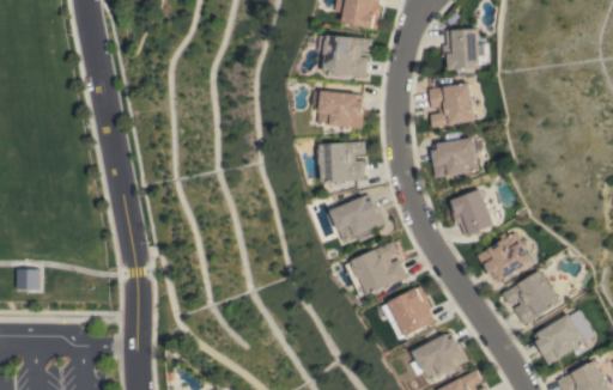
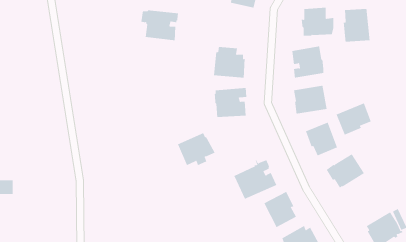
building: none -> [343,8,370,43]
building: [317,35,371,78] -> [140,10,179,41]
building: none -> [336,102,372,135]
building: [332,195,386,242] -> [177,132,216,166]
building: [502,270,559,325] -> none

